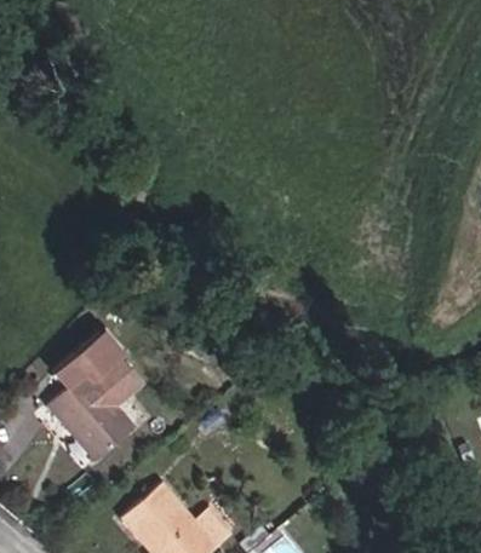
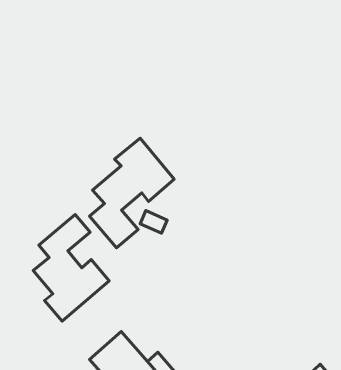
building: none -> [90,138,174,248]

